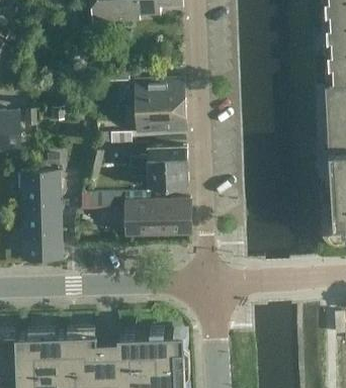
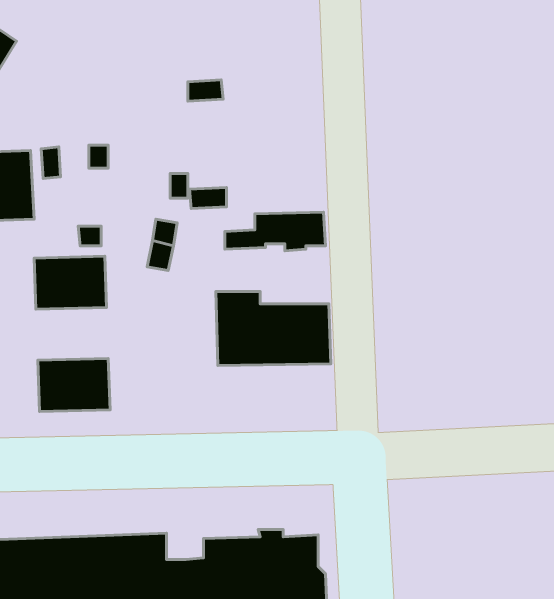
building: [134,78,186,133] -> none
building: [131,165,188,189] -> none
building: [80,192,120,210] -> none
building: [22,201,64,231] -> none

